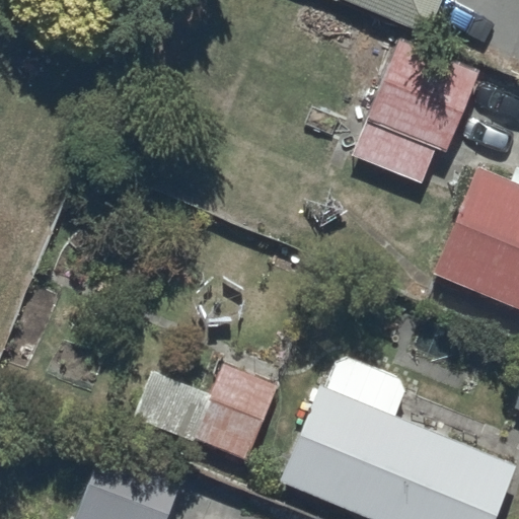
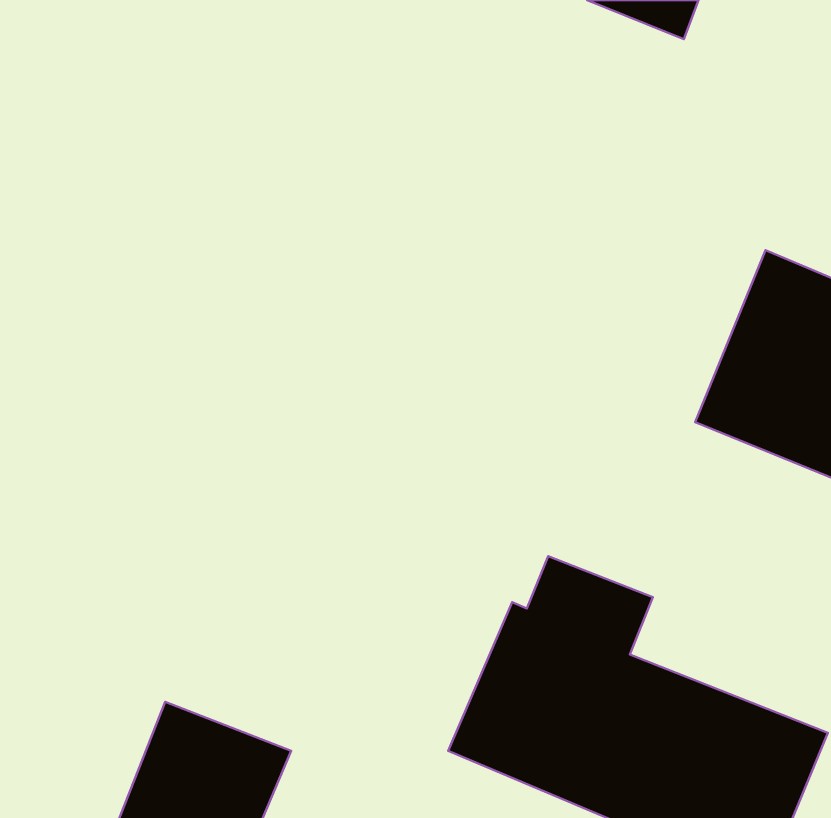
building: [352,39,478,187] -> none
building: [134,364,277,463] -> none

